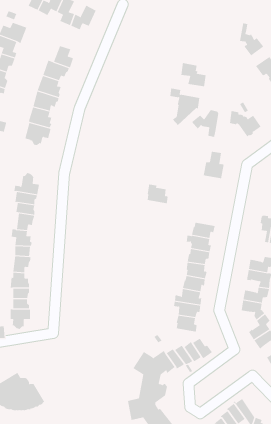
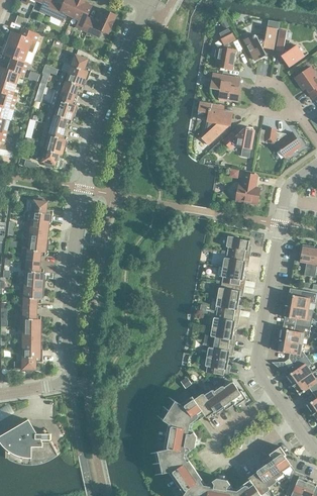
building: none -> [215,27,236,70]
building: none -> [245,27,277,61]
building: [147,184,168,204] -> [227,234,251,257]

